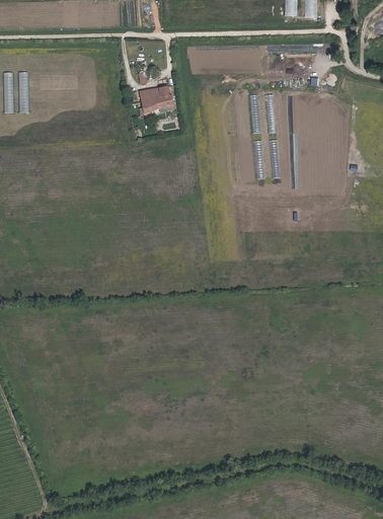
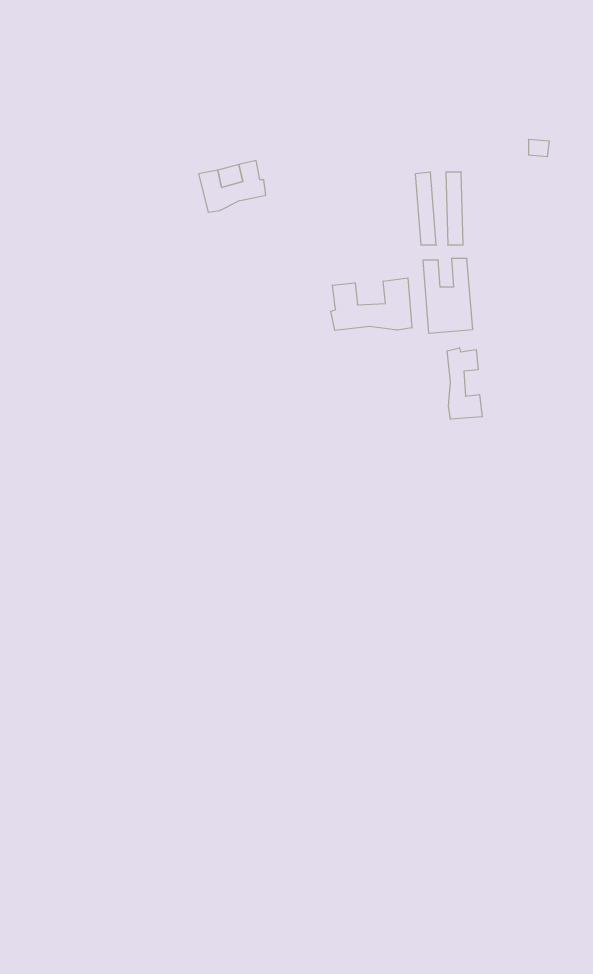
building: none -> [331,278,412,330]
building: none -> [447,348,482,419]

